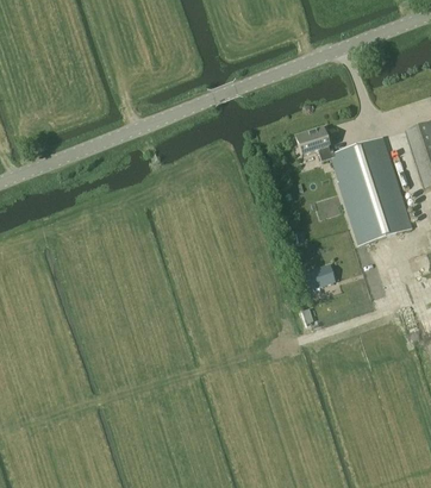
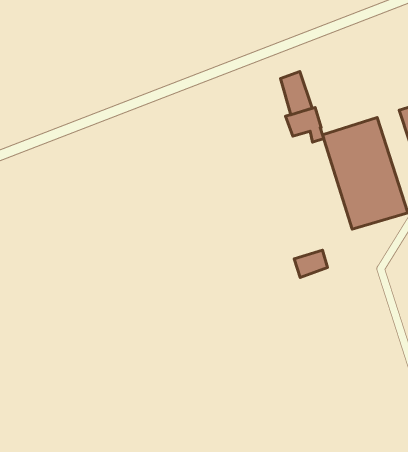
building: none -> [281,72,312,115]

